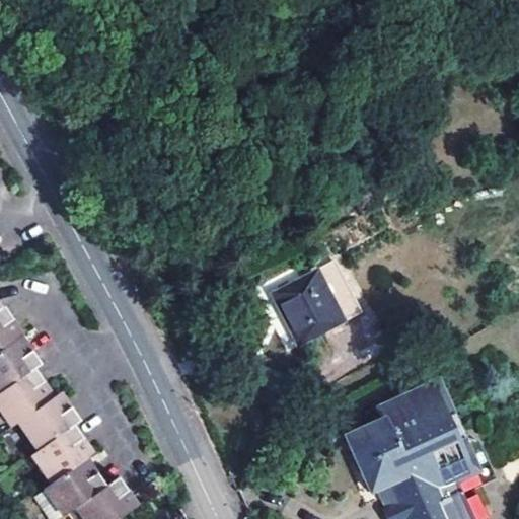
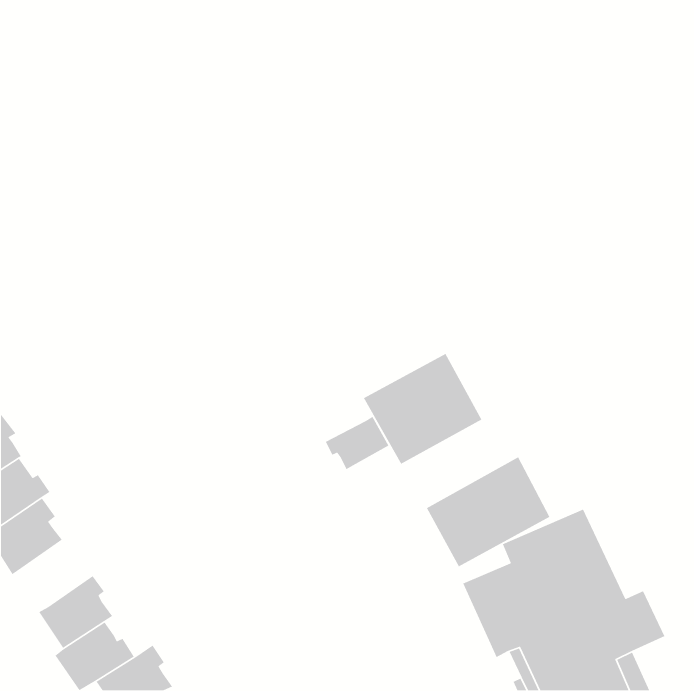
building: none -> [325,416,389,470]
building: none -> [426,456,551,568]
building: [18,397,77,451] -> none

